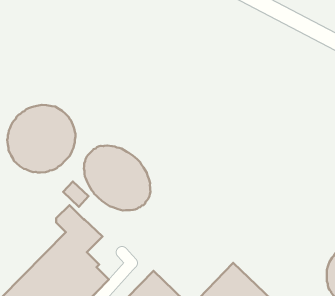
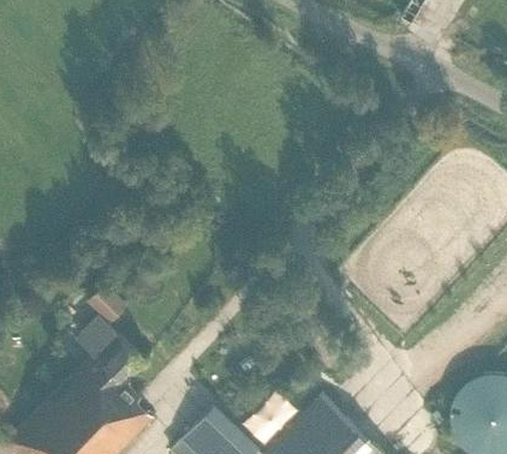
building: [7,105,75,173] -> none
building: [84,146,150,210] -> none

